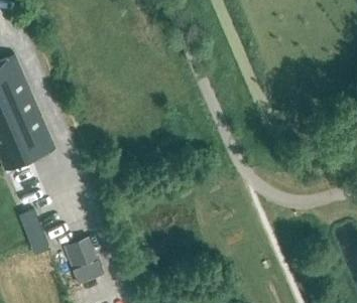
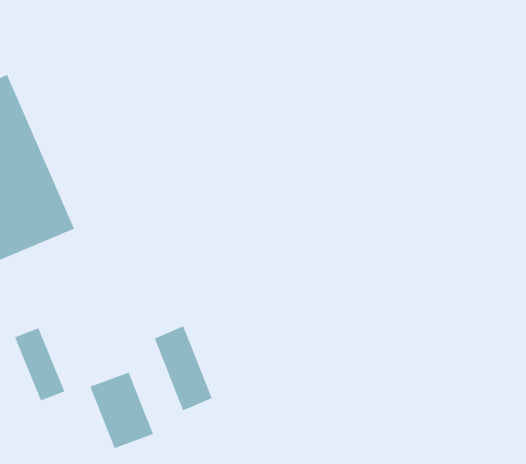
building: none -> [154,325,212,411]

